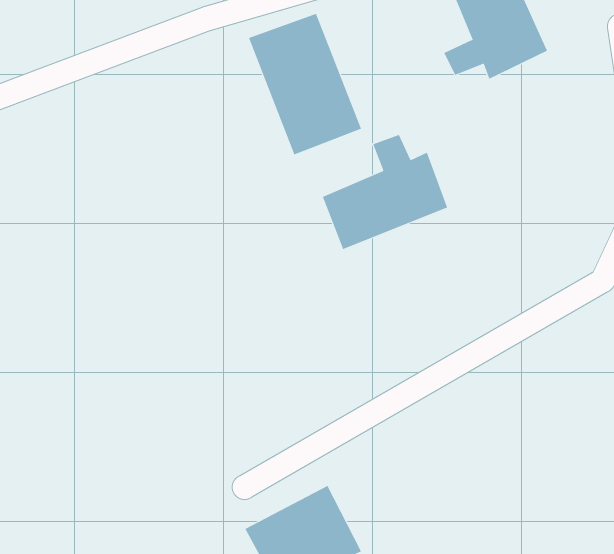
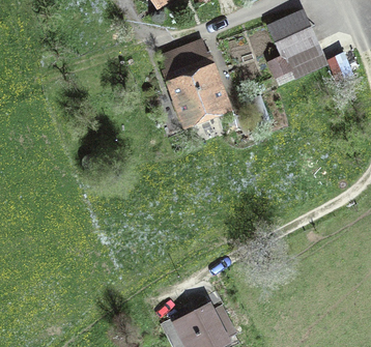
building: [322,134,448,250] -> none

